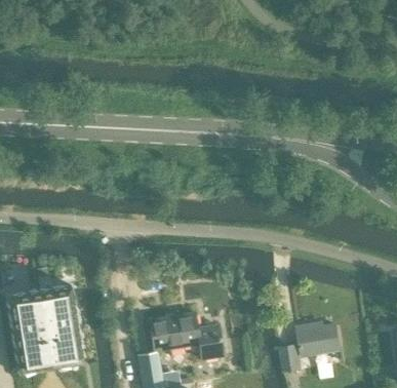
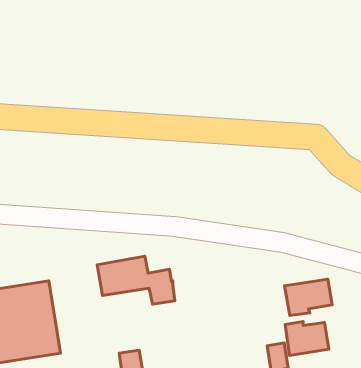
building: none -> [284,279,332,316]
building: [149,313,224,359] -> [97,256,175,304]

